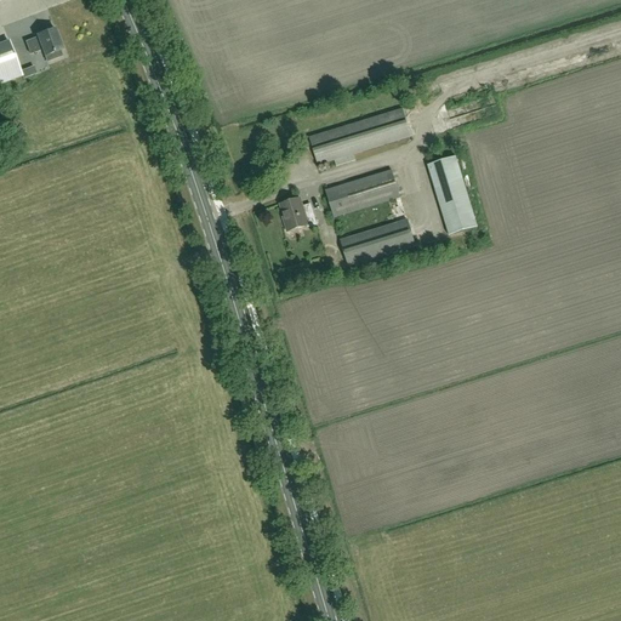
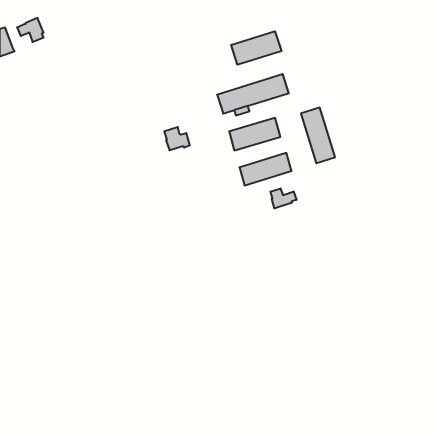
building: none -> [231,31,282,65]
building: [279,195,315,228] -> [164,127,190,150]
building: none -> [270,188,297,208]

